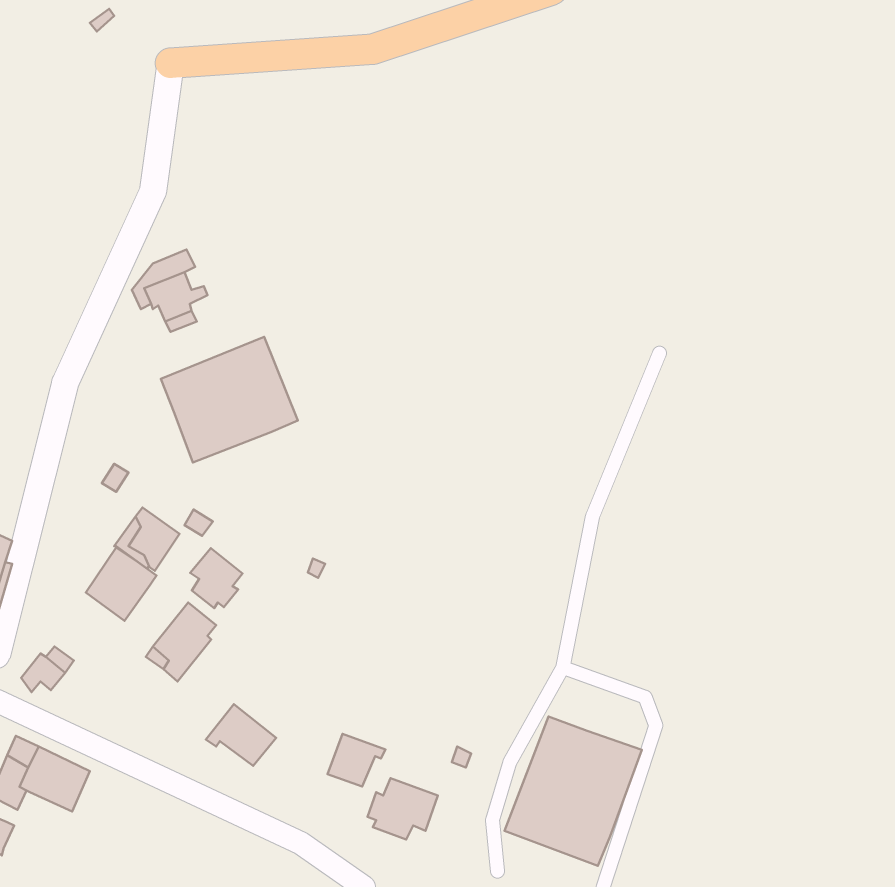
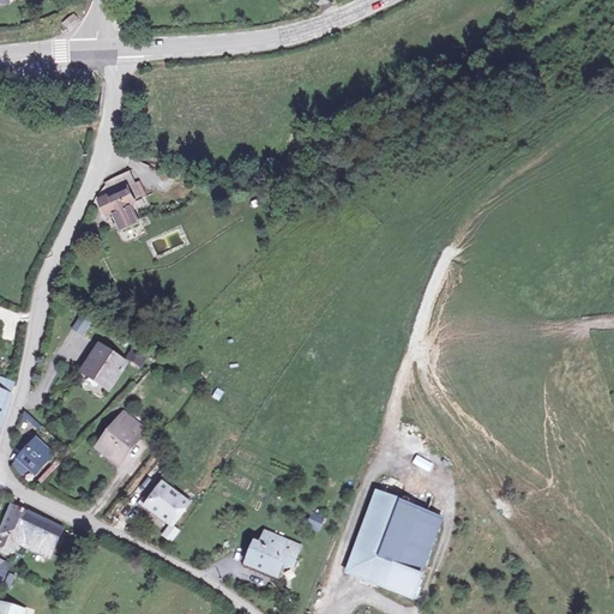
building: [161,337,298,463] -> none
building: [86,548,156,621] -> none
building: [190,548,242,608] -> none
building: [327,734,385,787] -> none

